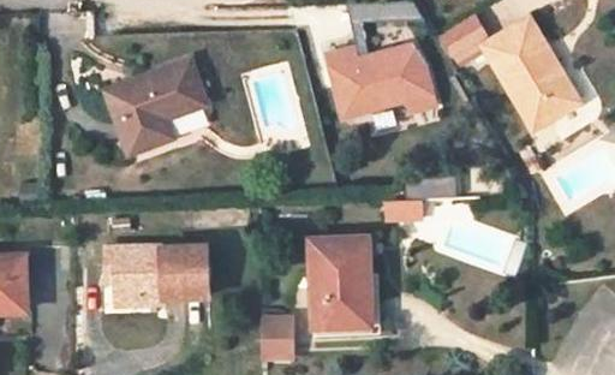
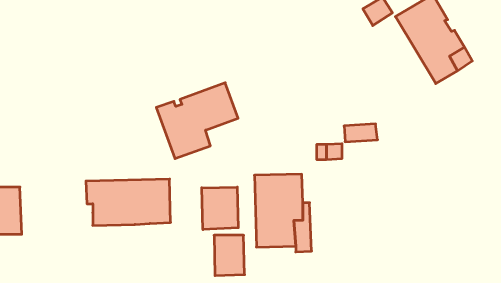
building: [327,44,435,117] -> none
building: [106,60,205,153] -> [156,83,238,159]
building: none -> [202,187,238,230]

